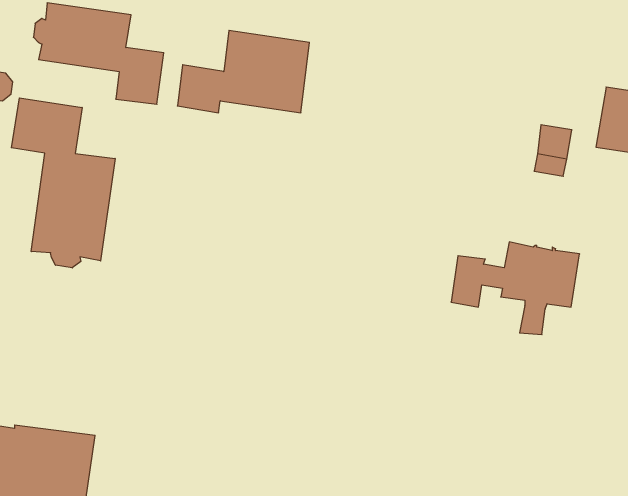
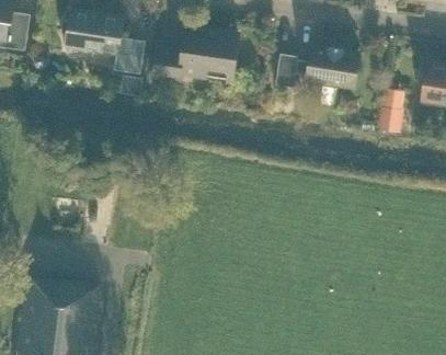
building: [11,98,115,268] -> none
building: [451,242,580,335] -> [276,46,358,105]

